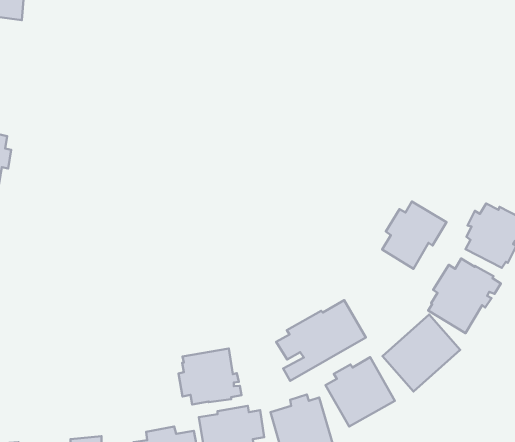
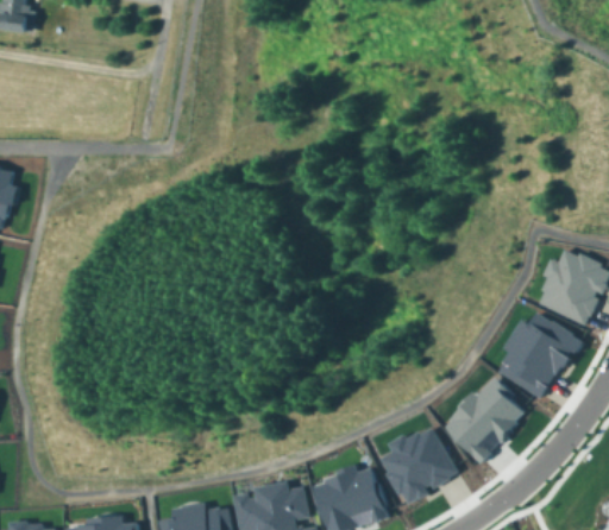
building: [382,202,446,269] -> none
building: [276,300,366,381] -> none
building: [178,349,241,404] -> none

